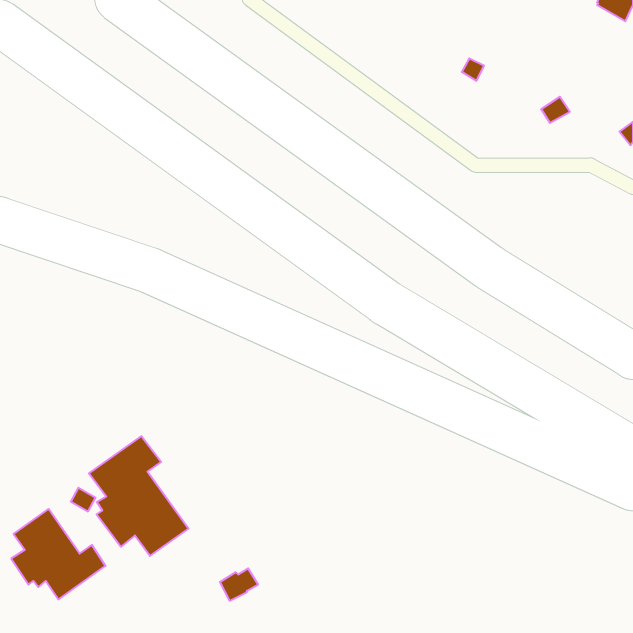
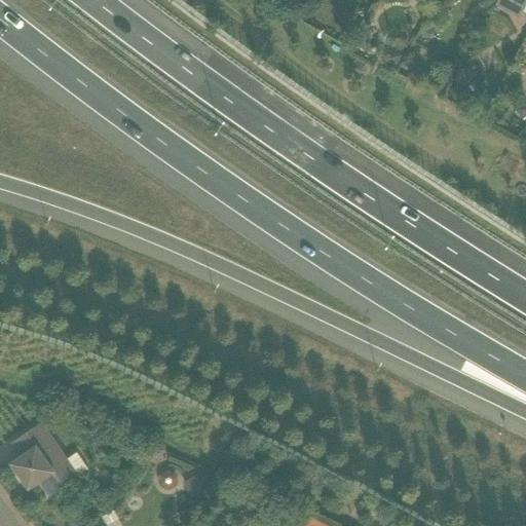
building: [89,436,189,556] -> none

